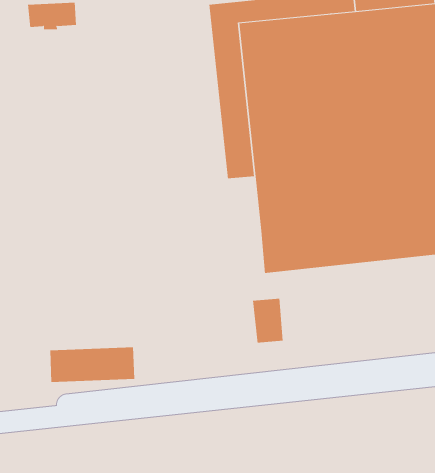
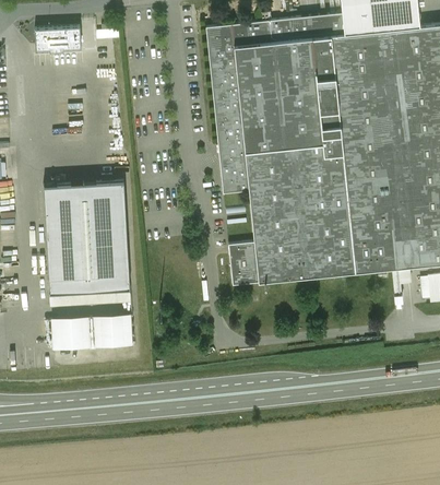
building: none -> [45,182,130,293]
building: [252,298,283,343] -> [229,244,259,286]
building: [49,347,135,382] -> [52,316,133,350]

